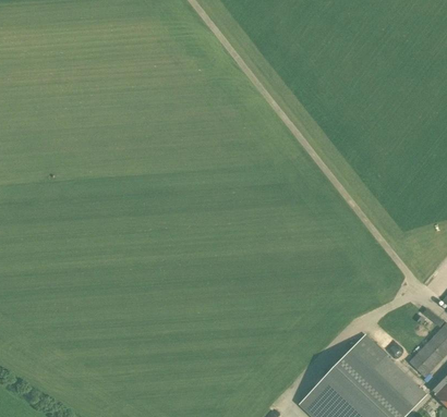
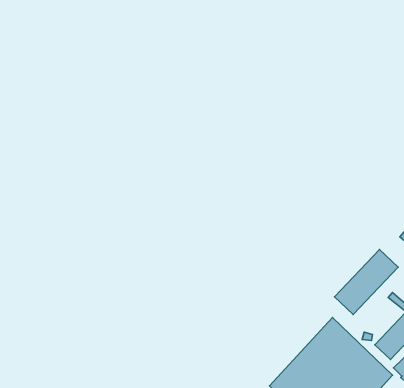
building: none -> [335,249,398,315]

